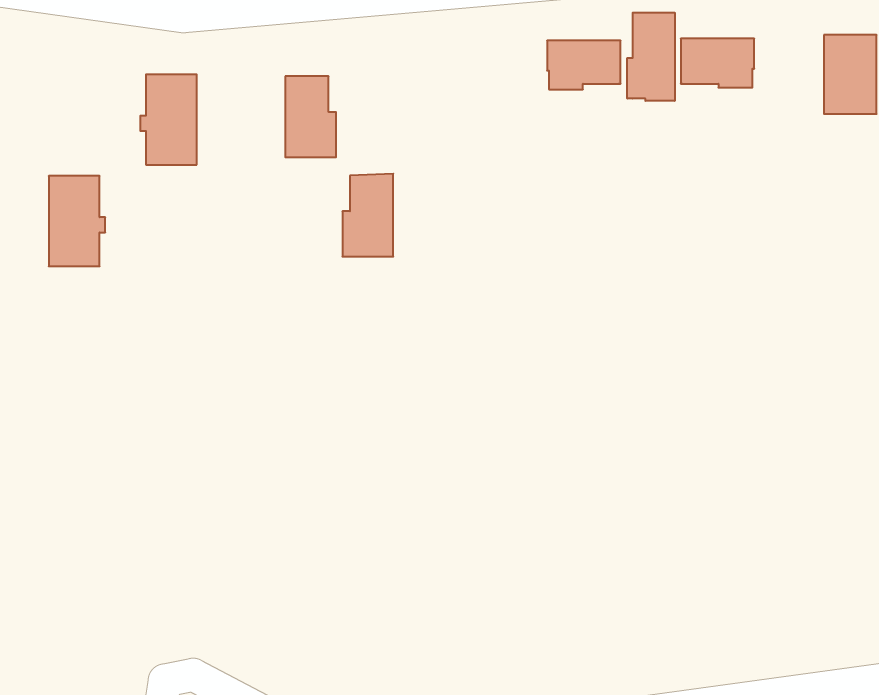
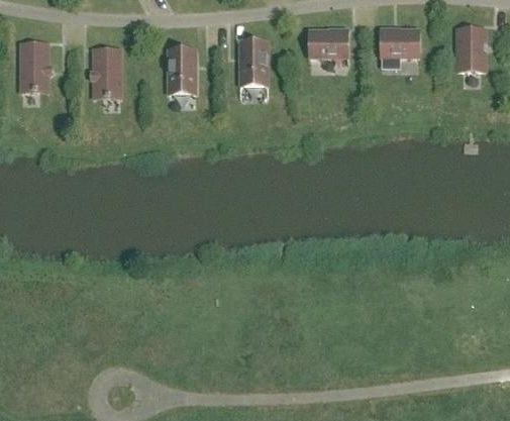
building: [627,13,675,101] -> none
building: [342,174,393,257] -> [239,40,267,85]
building: [49,176,105,266] -> [20,42,50,91]

